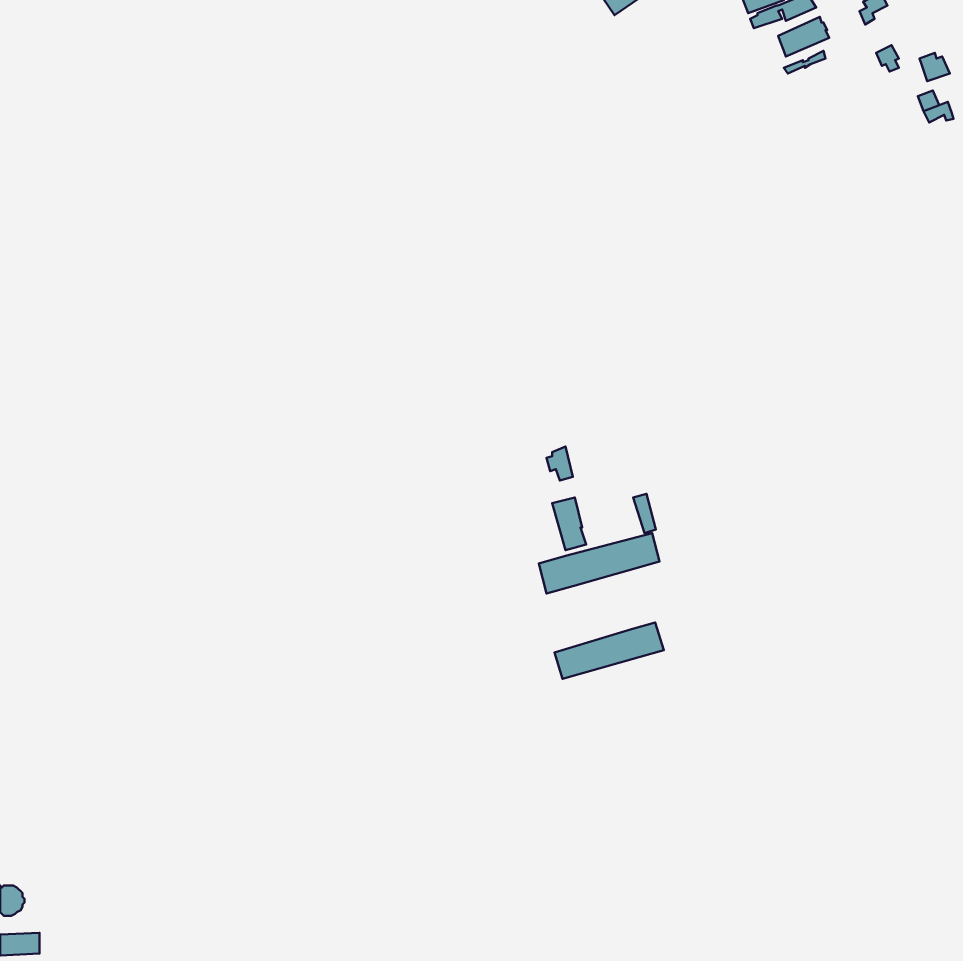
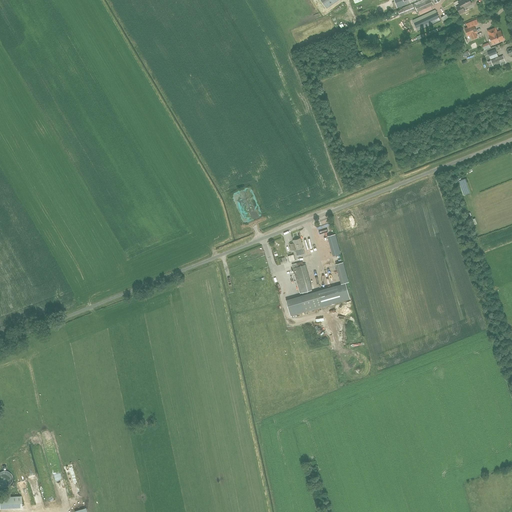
building: [555,622,664,679] -> none

